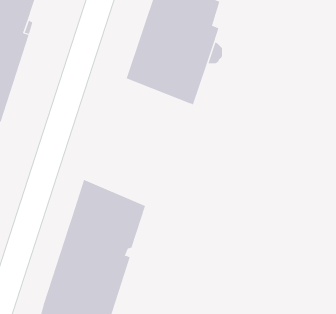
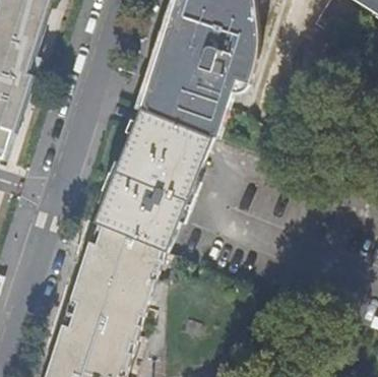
building: none -> [97,108,215,250]

